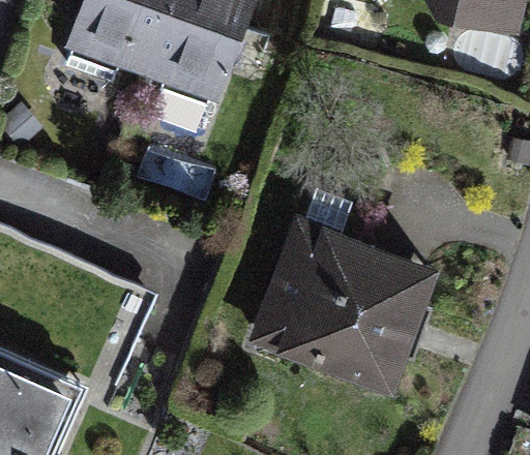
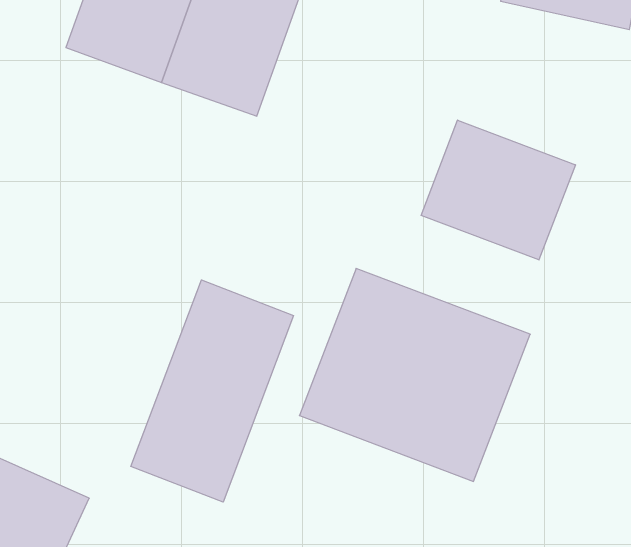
building: none -> [421,120,575,260]
building: none -> [131,280,294,502]

